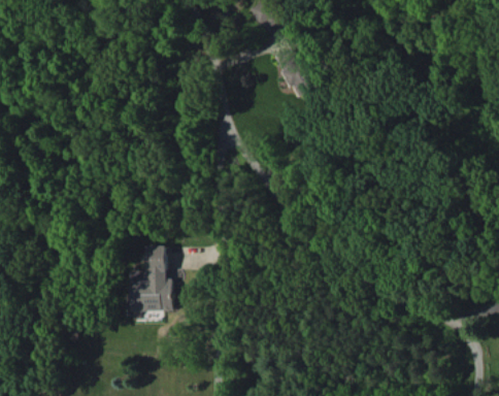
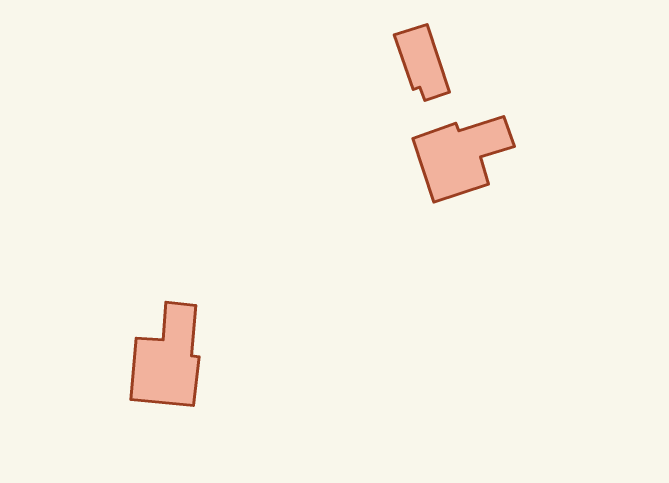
building: none -> [413,116,514,202]

